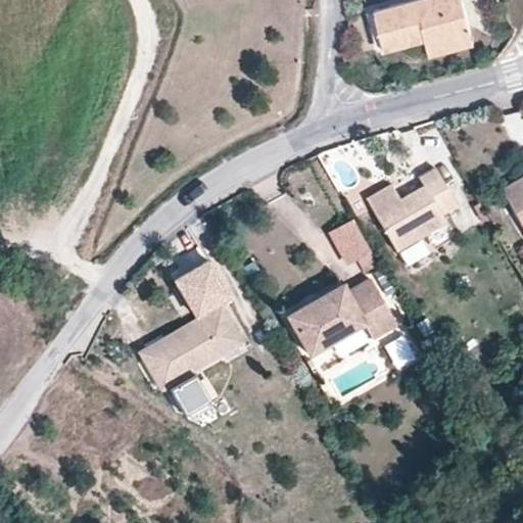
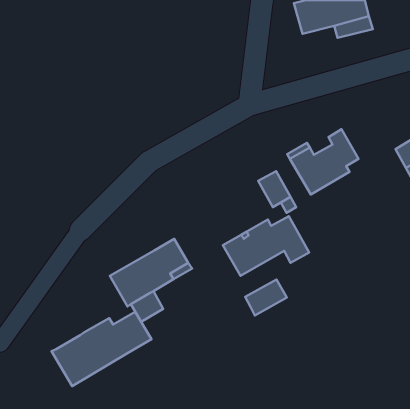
building: [173,255,234,321] -> none
building: none -> [245,279,287,316]
building: none -> [52,312,152,386]

